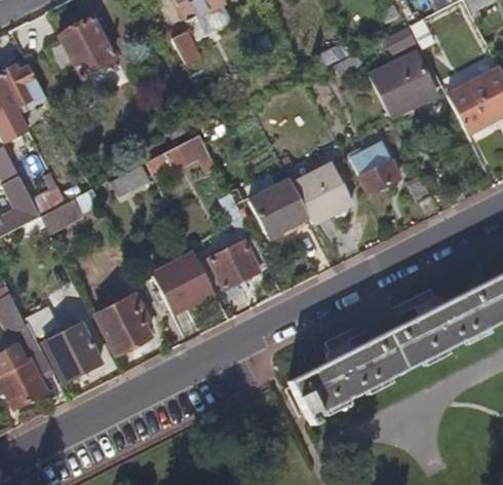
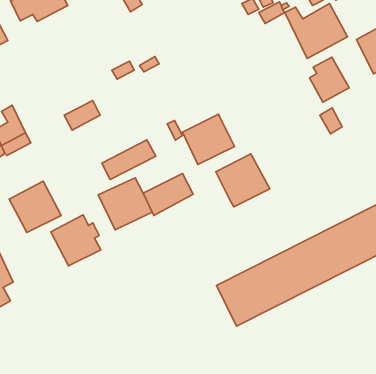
building: [147,134,208,179] -> [102,140,156,179]
building: [354,141,399,192] -> [310,57,349,102]
building: [289,163,351,224] -> [216,154,270,207]
building: [43,322,103,380] -> [9,181,61,233]

